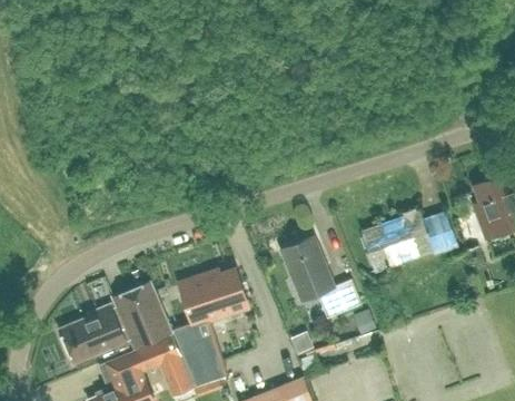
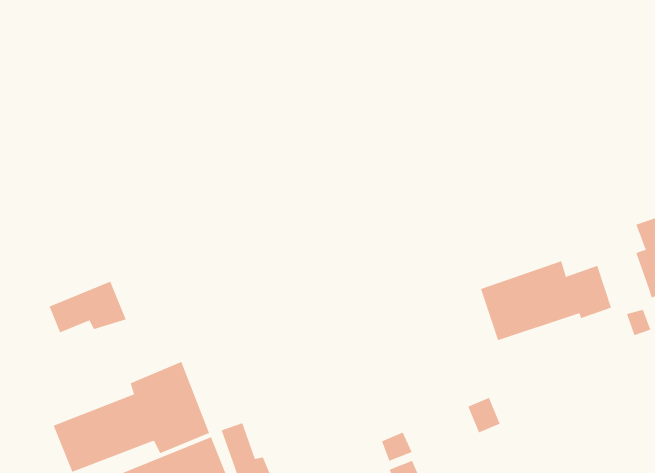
building: none -> [49,281,126,333]
building: [279,234,360,316] -> none
building: [179,271,248,323] -> none

